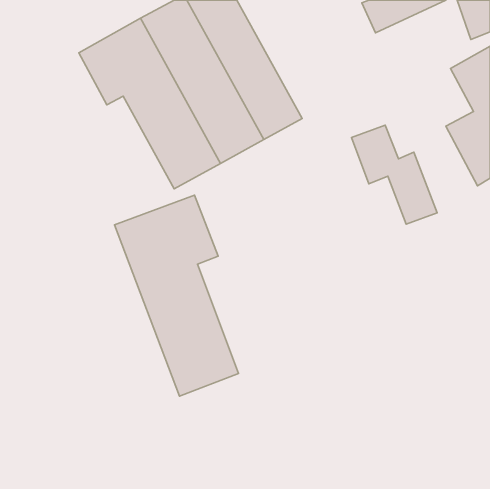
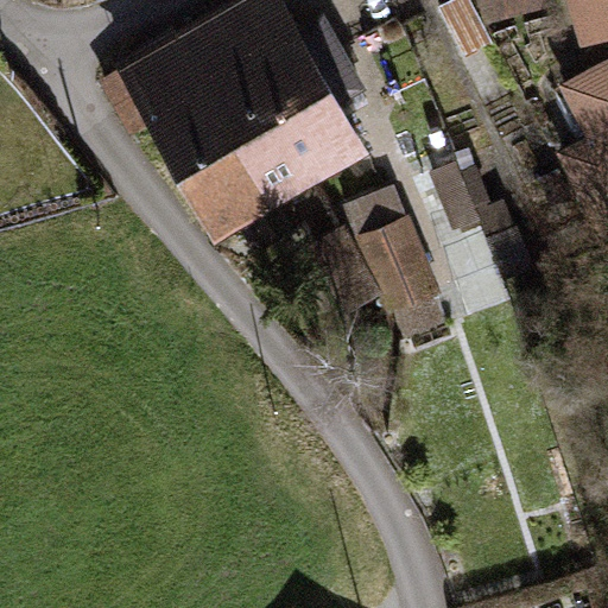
building: none -> [317,189,445,342]
building: [114,195,239,396] -> none

